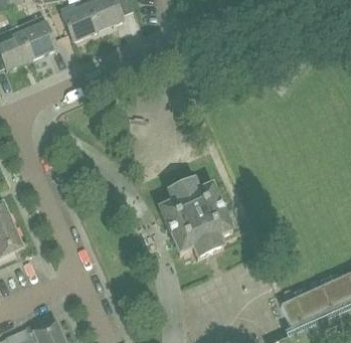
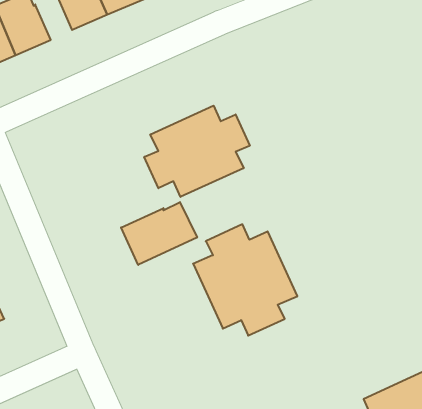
building: none -> [144,106,250,197]
building: none -> [121,202,197,265]

